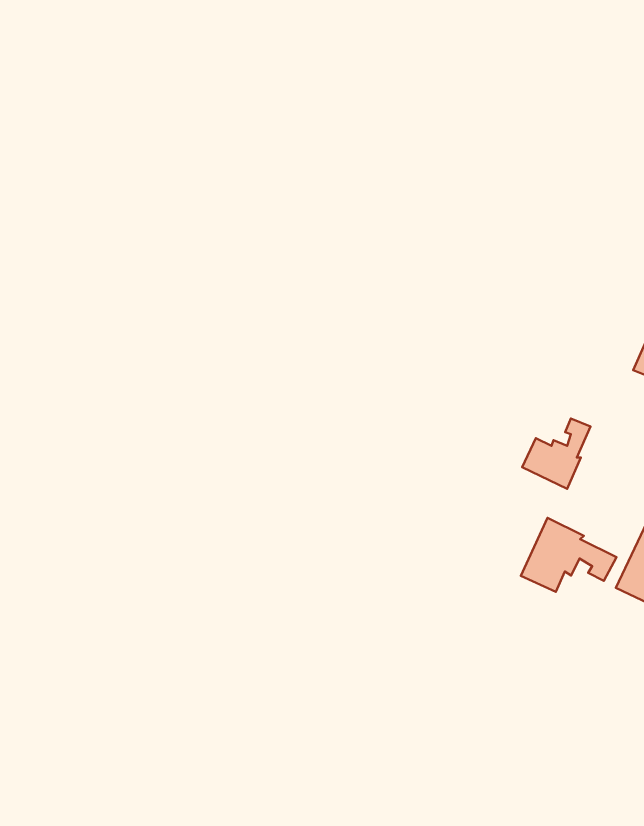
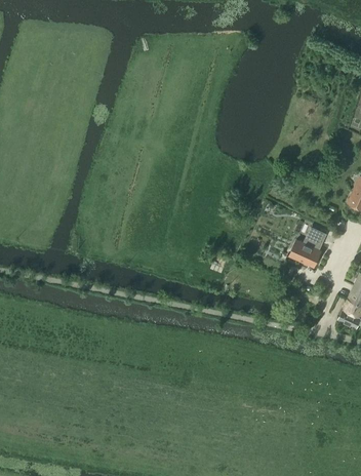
building: [521,518,616,592] -> none

